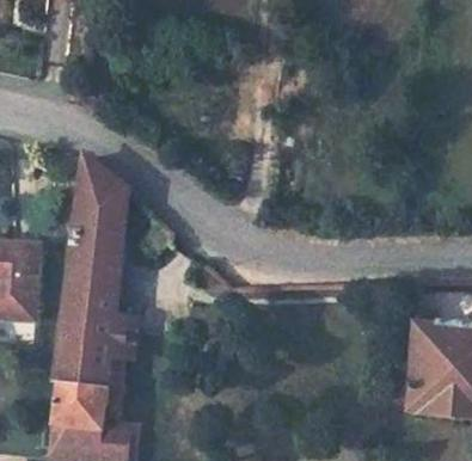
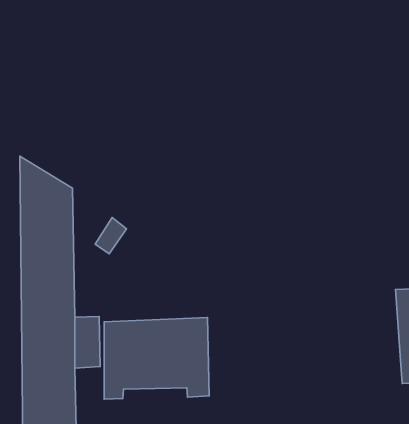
building: none -> [104,317,209,399]

